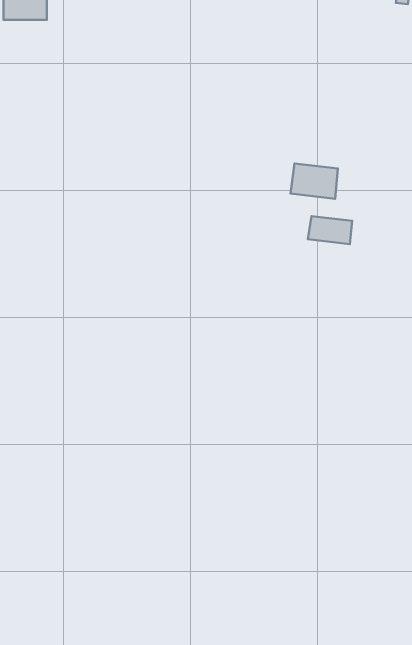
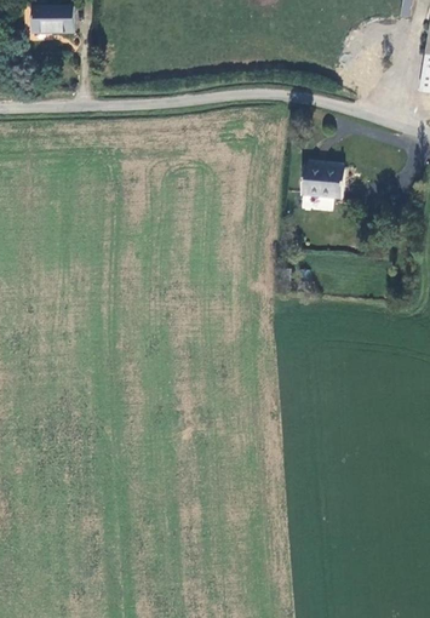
building: [308,216,352,244] -> none

